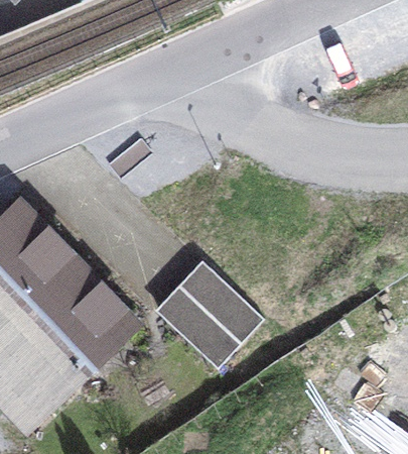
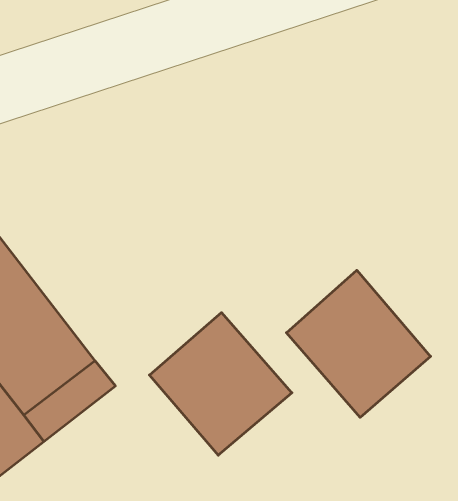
building: none -> [286,270,431,417]

